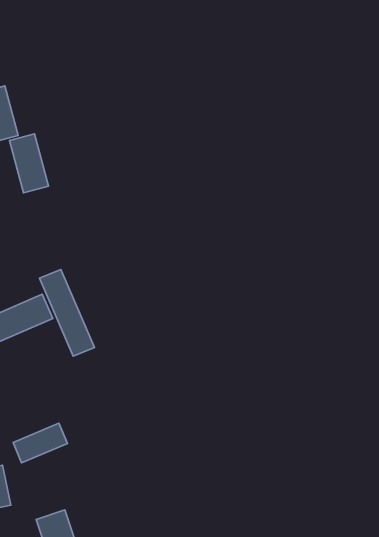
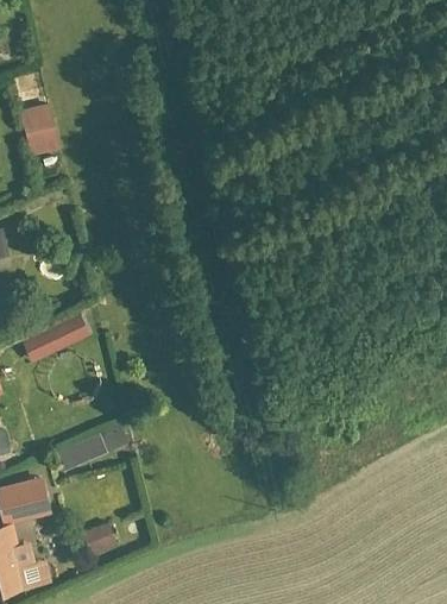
building: [9,134,49,193] -> none
building: [40,270,94,356] -> none

